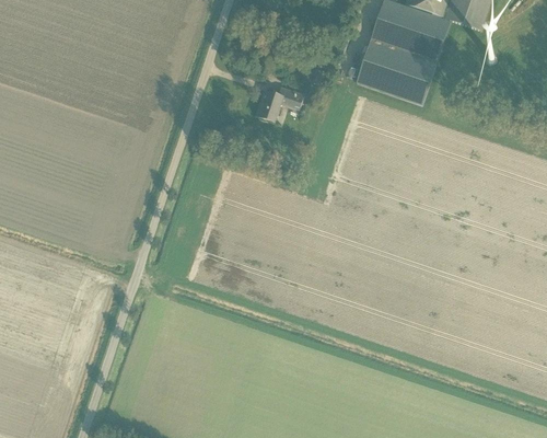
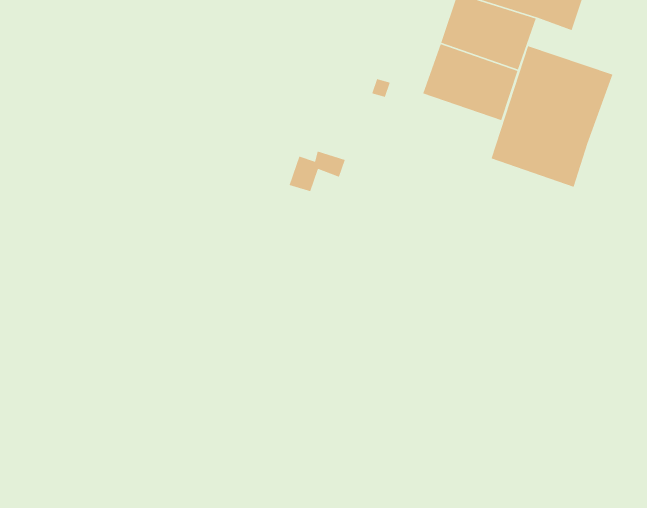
building: none -> [490,45,614,188]
building: [256,87,304,122] -> [288,150,346,192]

